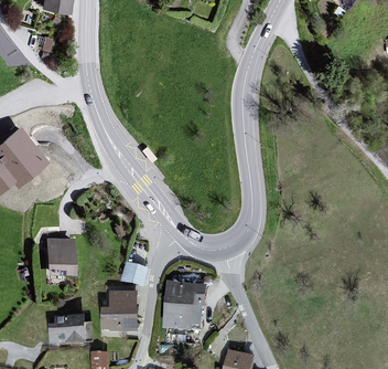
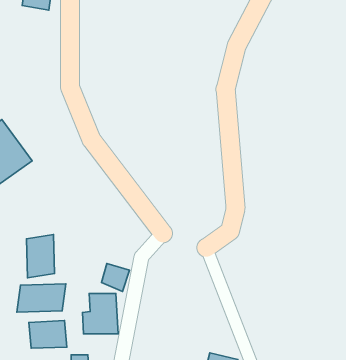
building: [165,283,207,333] -> none
building: none -> [17,284,66,312]

